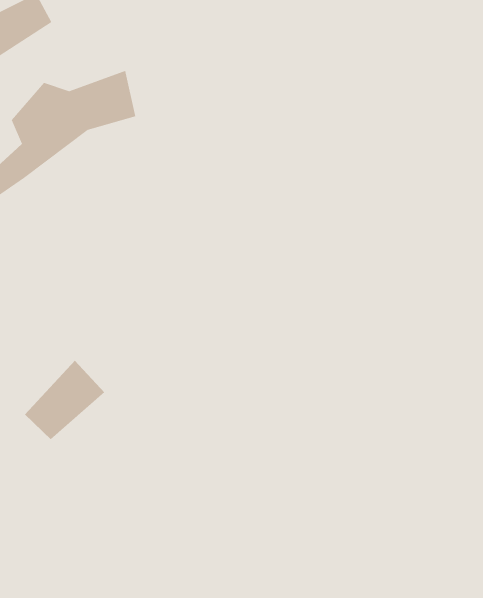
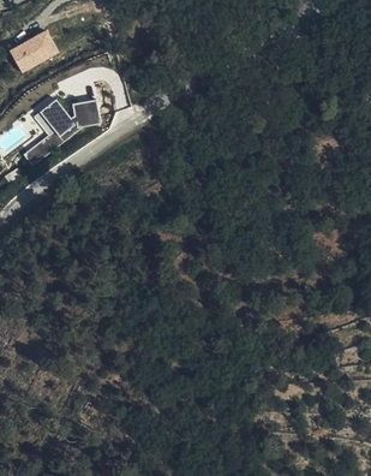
building: [24,360,105,440] -> none

